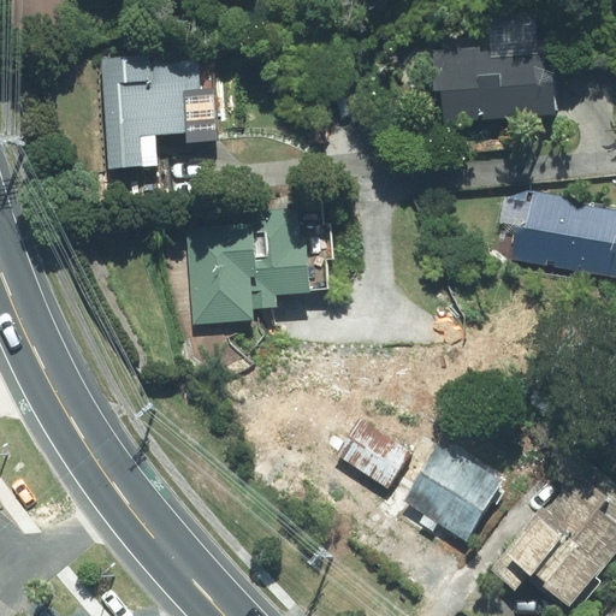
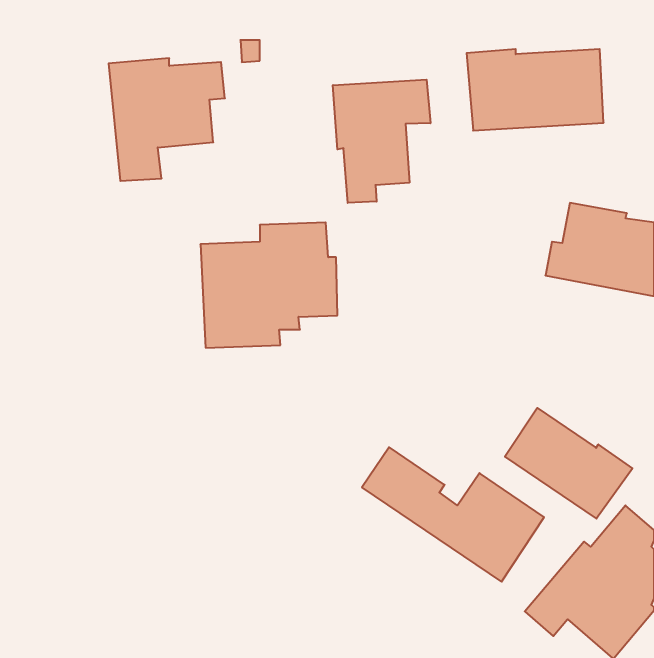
building: none -> [333,80,430,203]
building: none -> [505,408,632,519]

